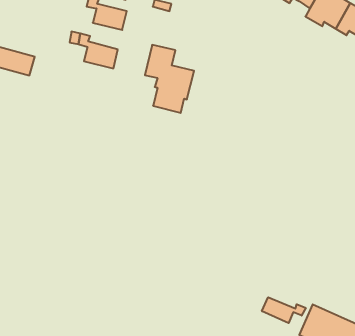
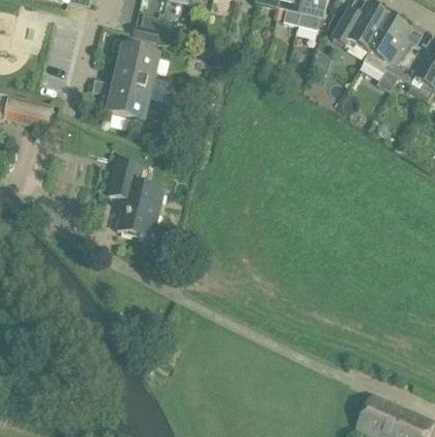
building: none -> [113,68,152,99]
building: [145,45,194,113] -> [107,158,164,236]
building: [262,297,306,323] -> none

